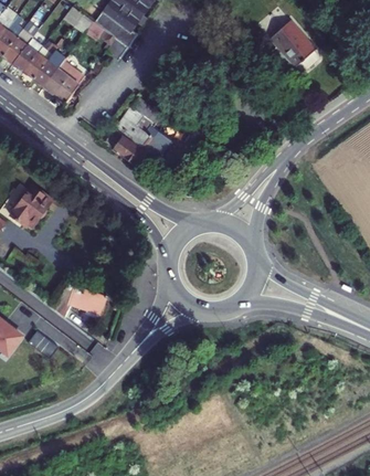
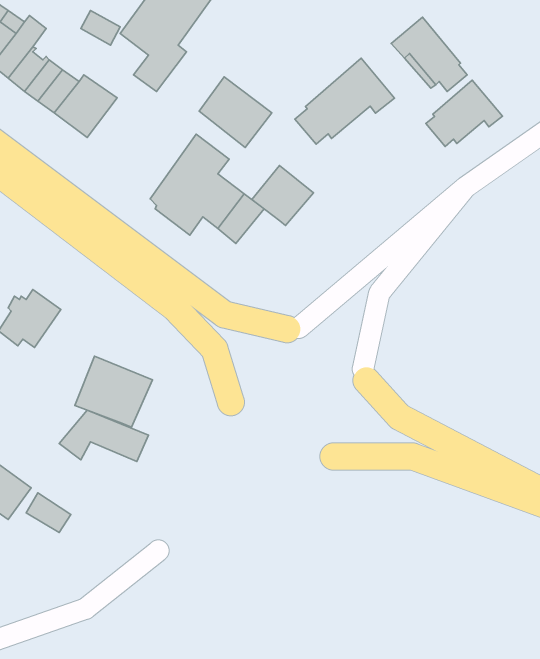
building: none -> [295,58,394,144]
building: none -> [199,77,272,147]
building: none -> [426,80,503,146]
building: none -> [252,165,313,225]
building: none -> [75,356,153,427]

